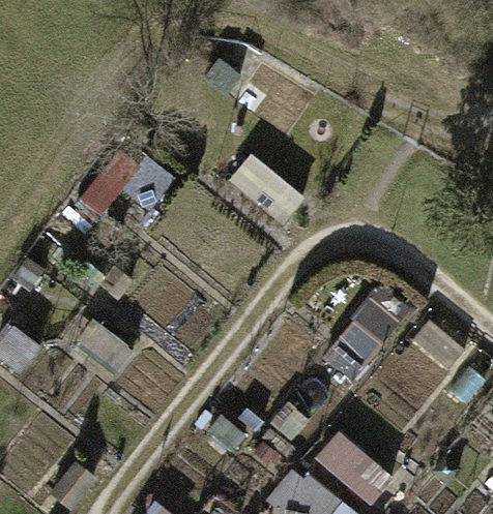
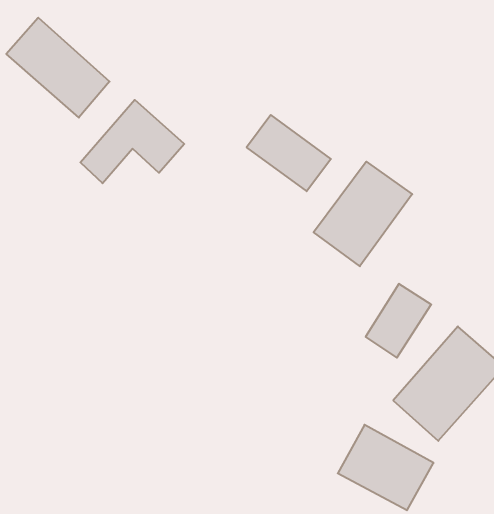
building: none -> [6,18,110,118]
building: none -> [314,162,412,266]

